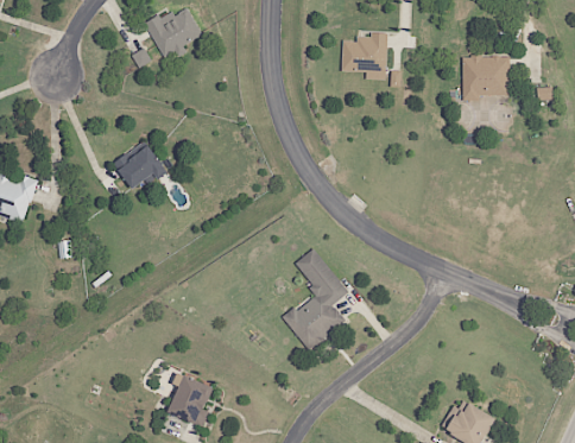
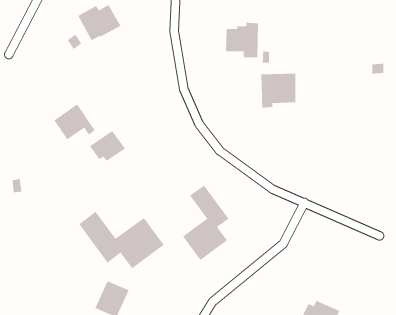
building: [461,56,508,102] -> [261,73,296,108]
building: none -> [89,130,126,162]
building: none -> [78,211,165,269]

